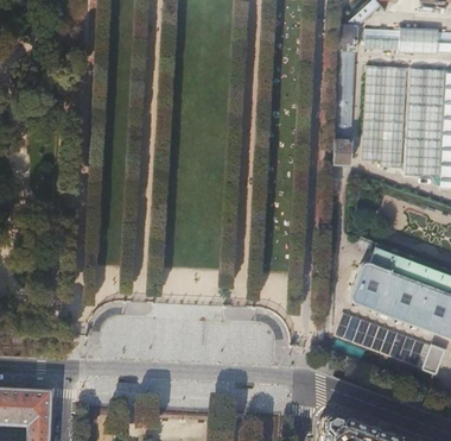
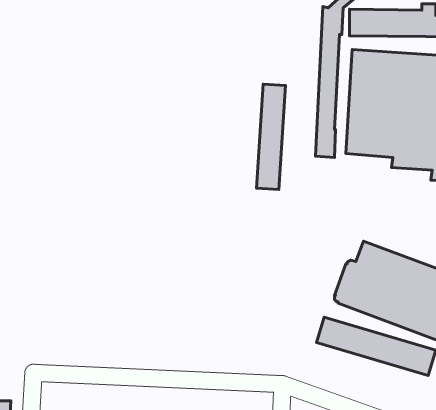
building: none -> [256,84,286,190]

